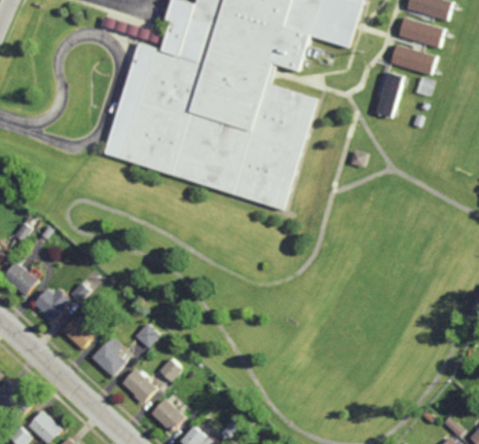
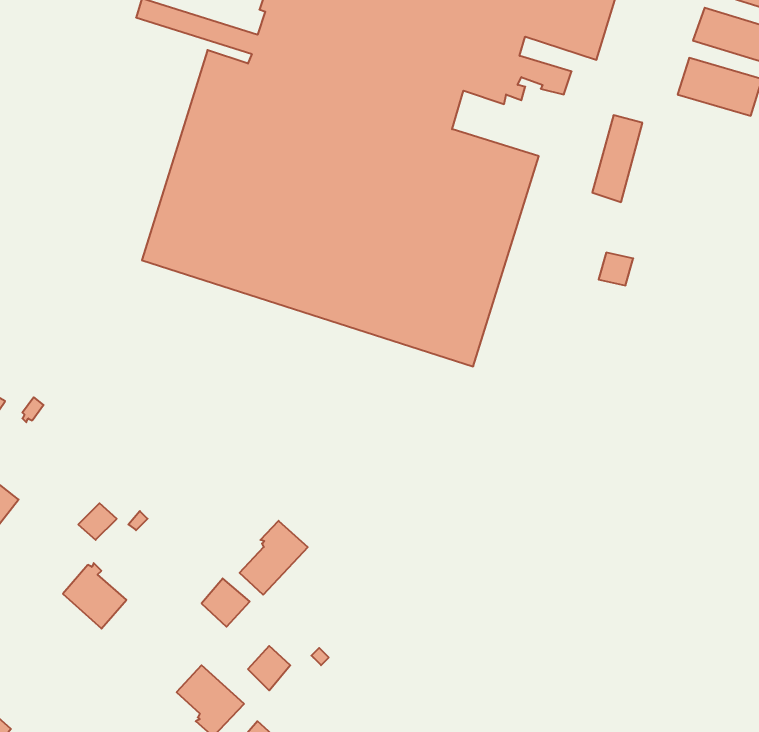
building: [375,72,402,118] -> [592,115,642,202]
building: [34,289,70,322] -> none
building: none -> [240,521,308,595]
building: [93,336,127,377] -> none

